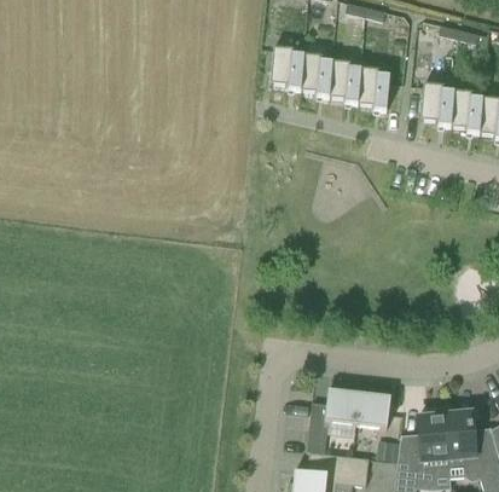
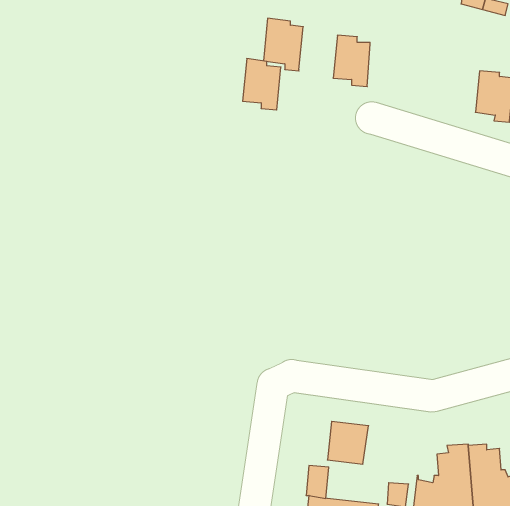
building: [301,54,333,98] -> [243,59,281,110]
building: [359,69,390,112] -> none
building: [420,85,454,128] -> none
building: [355,393,390,429] -> none

